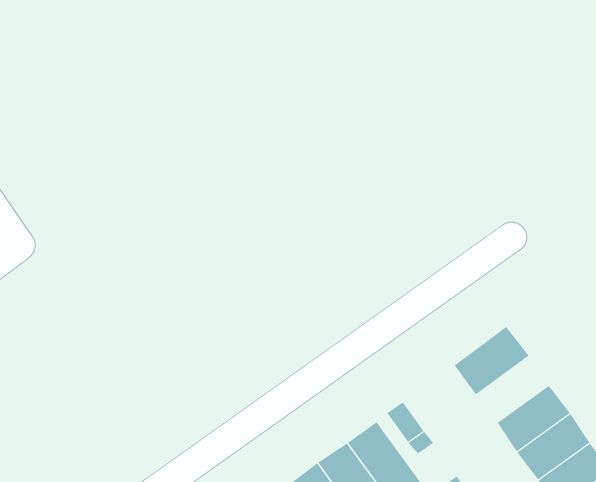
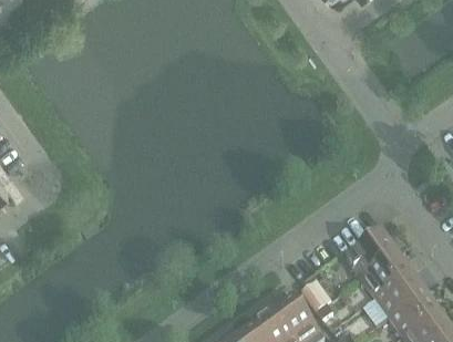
building: none -> [359,252,409,298]

